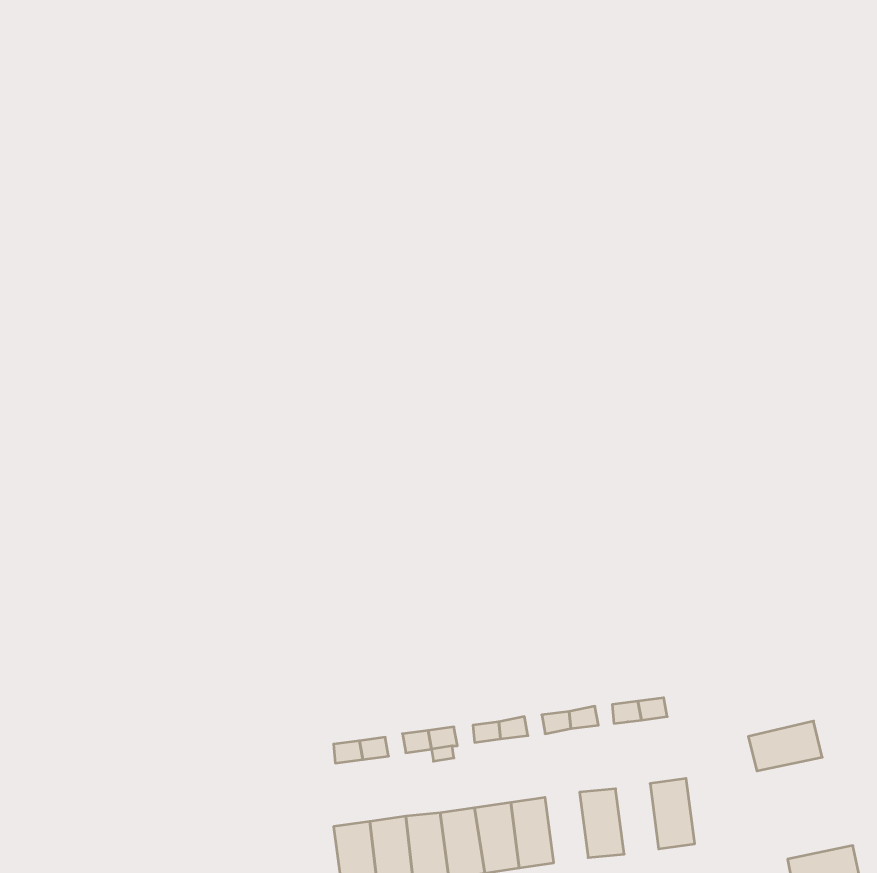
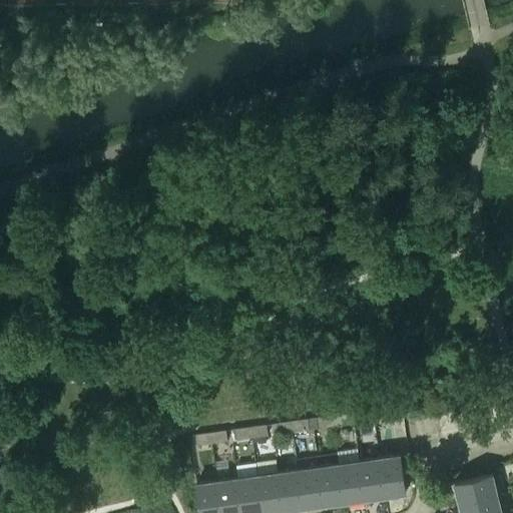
building: [748,721,822,771] -> [454,475,497,504]
building: none -> [359,460,384,501]
building: none -> [318,465,343,506]

